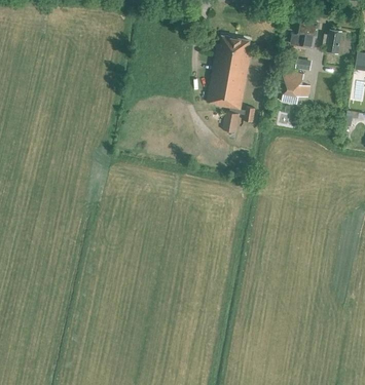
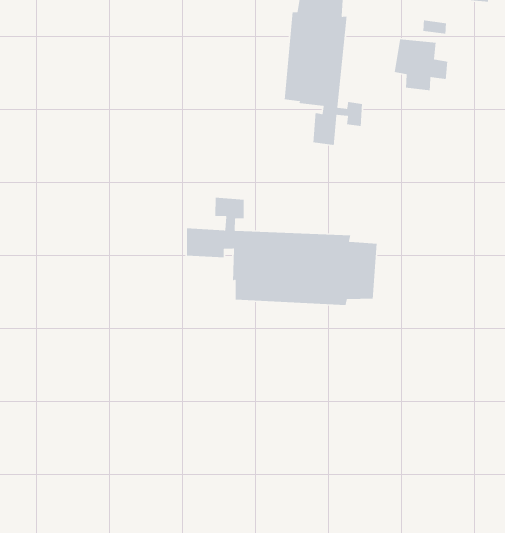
building: none -> [186,197,378,306]

